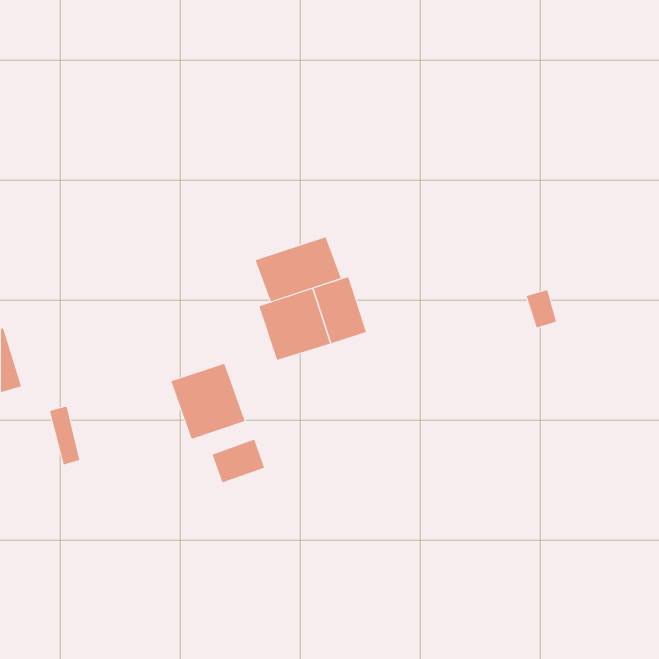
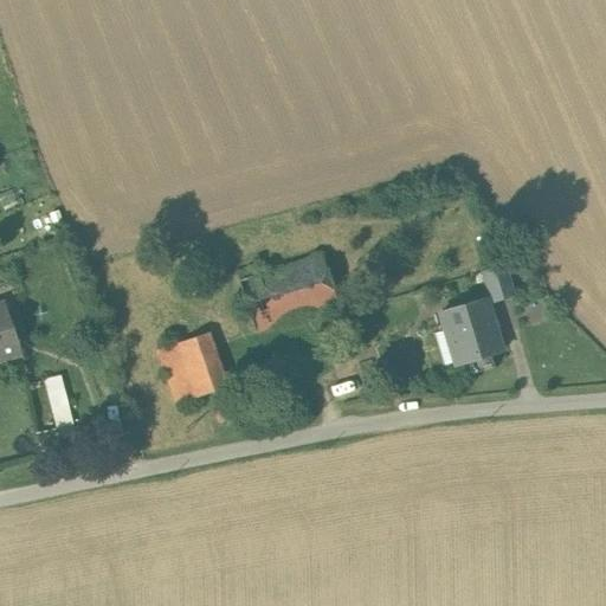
building: [255,236,341,302] -> none
building: none -> [440,298,501,363]
building: [212,439,265,483] -> none

